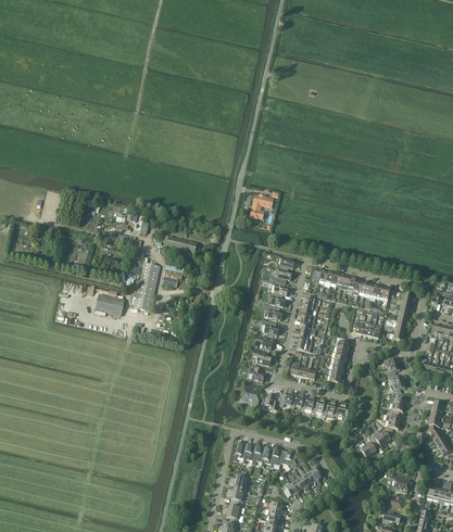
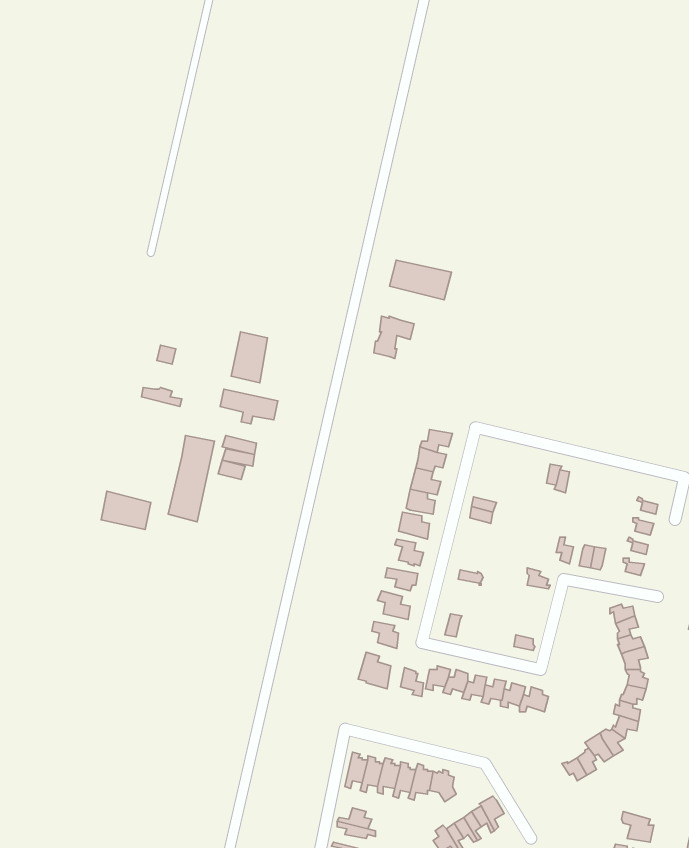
building: none -> [390,260,452,300]
building: none -> [231,332,268,383]

